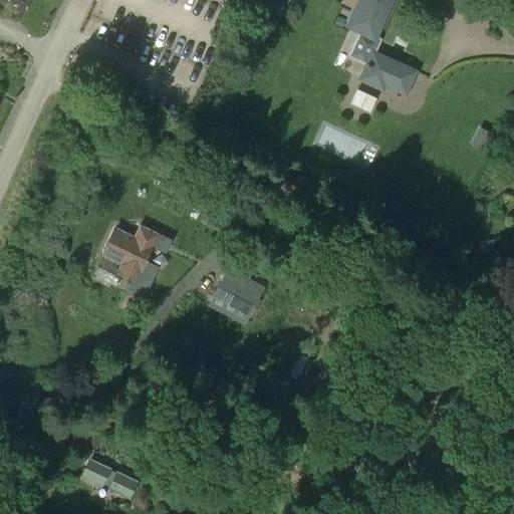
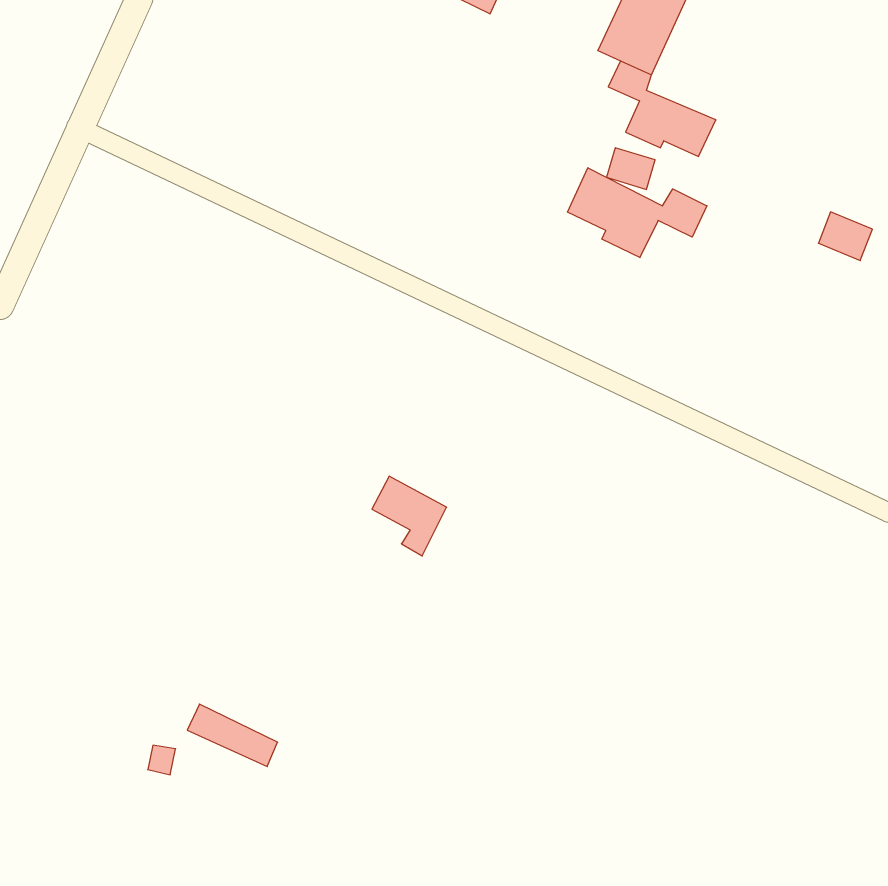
building: none -> [568,168,707,258]
building: [104,226,172,292] -> none
building: [82,459,135,495] -> [187,704,278,767]

